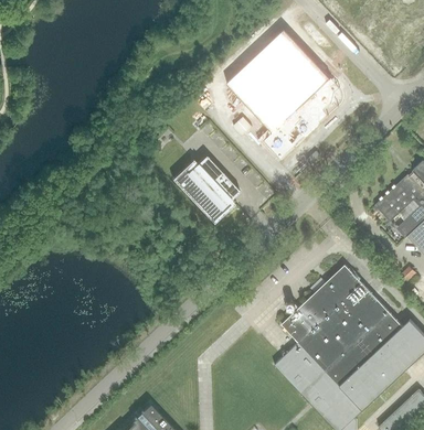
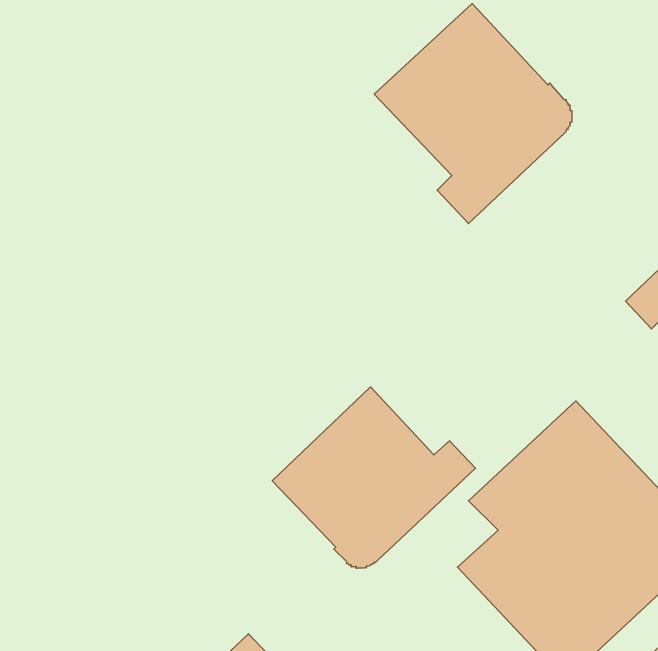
building: [172,155,240,223] -> none
building: none -> [272,387,476,568]

